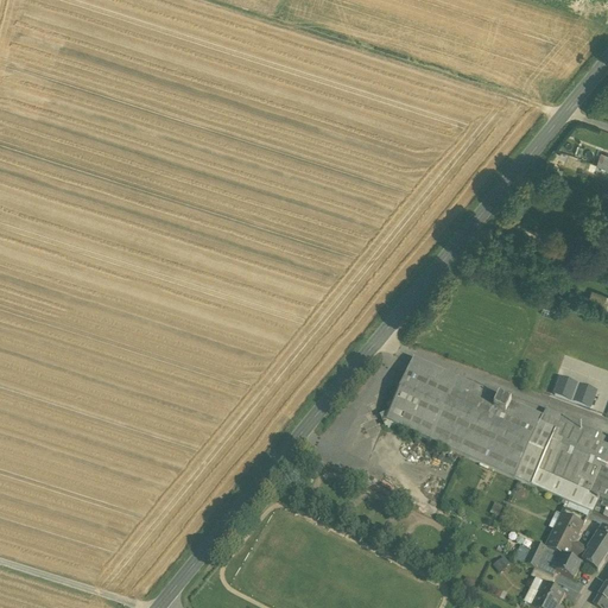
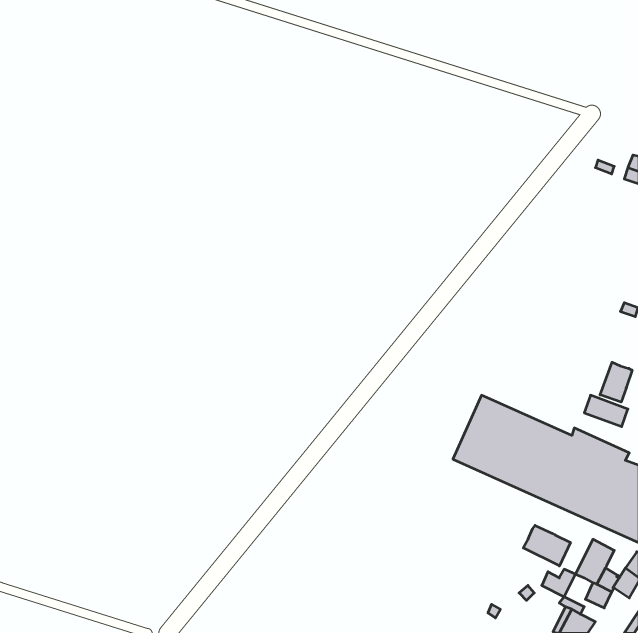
building: none -> [600,362,632,402]
building: [386,355,458,436] -> none
building: none -> [523,525,570,566]

